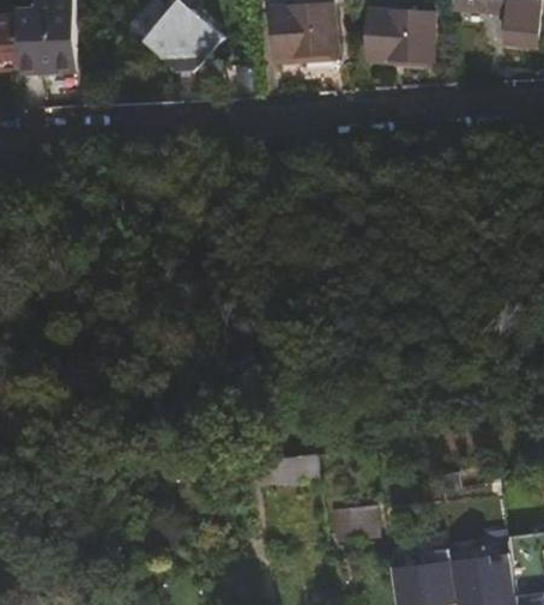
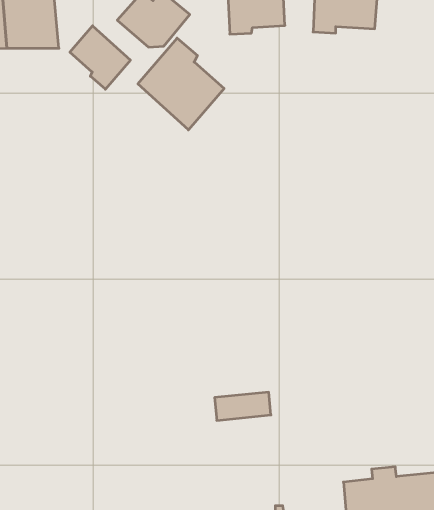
building: none -> [70,26,130,89]
building: none -> [138,38,224,130]
building: [328,501,382,545] -> none

